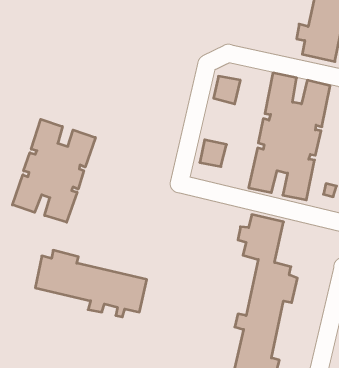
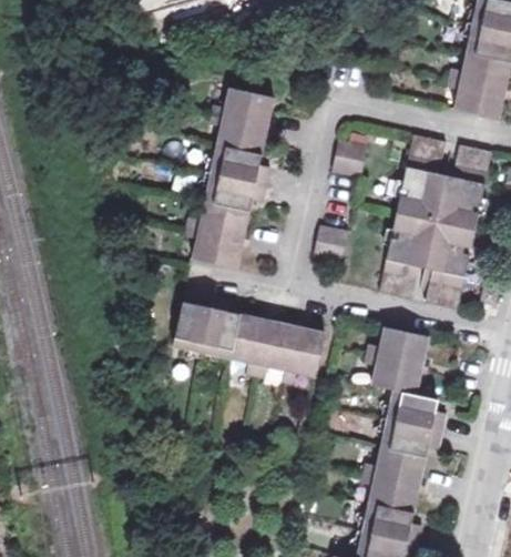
building: none -> [185,87,275,269]
building: [12,119,95,222] -> none
building: [35,250,147,317] -> [174,294,326,385]

